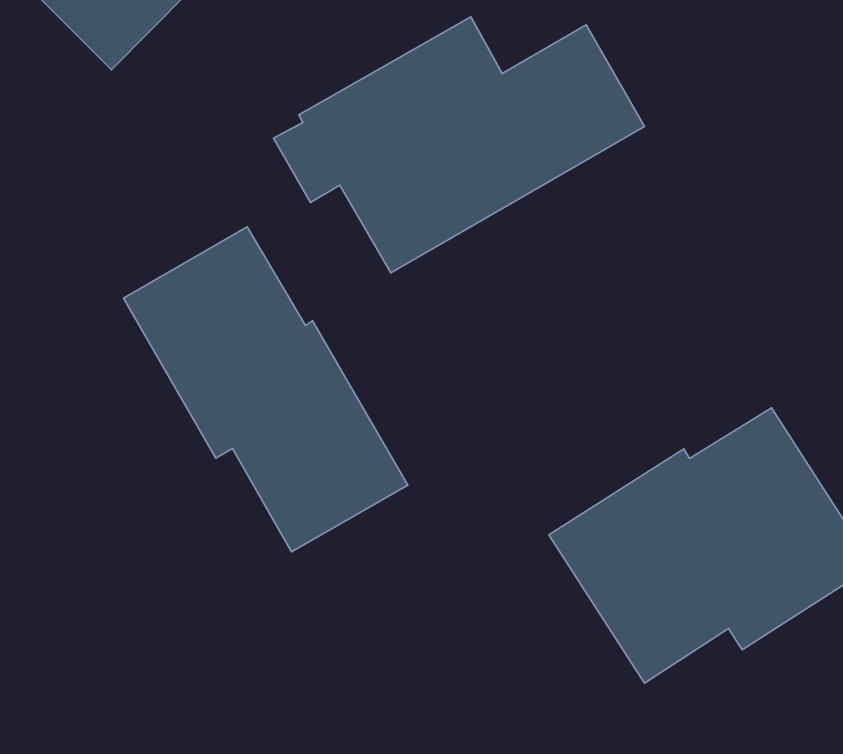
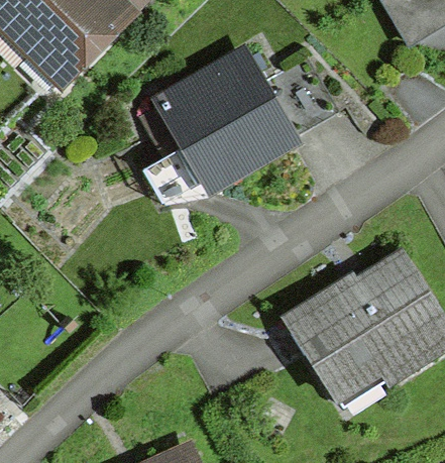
building: [123,227,408,552] -> none

